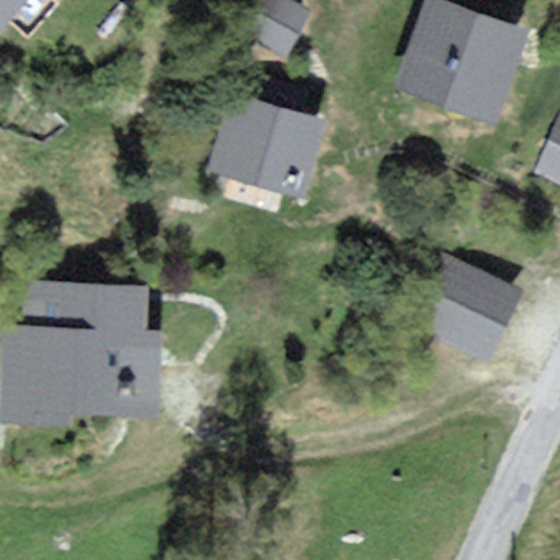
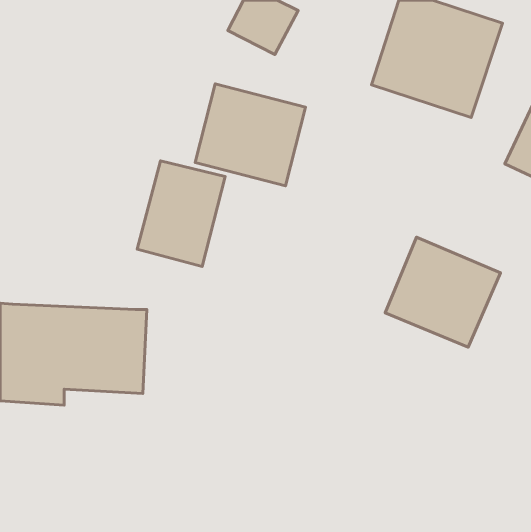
building: none -> [137,161,225,266]
building: [19,278,149,327] -> none

